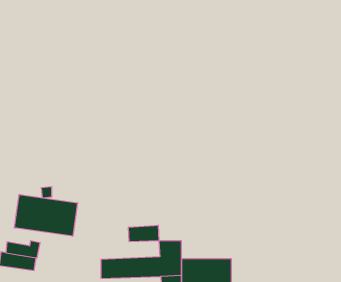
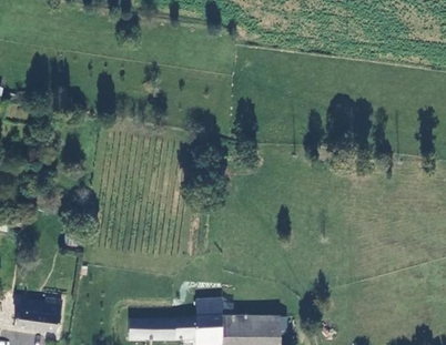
building: [14,194,78,236] -> none
building: [129,225,159,242] -> none

